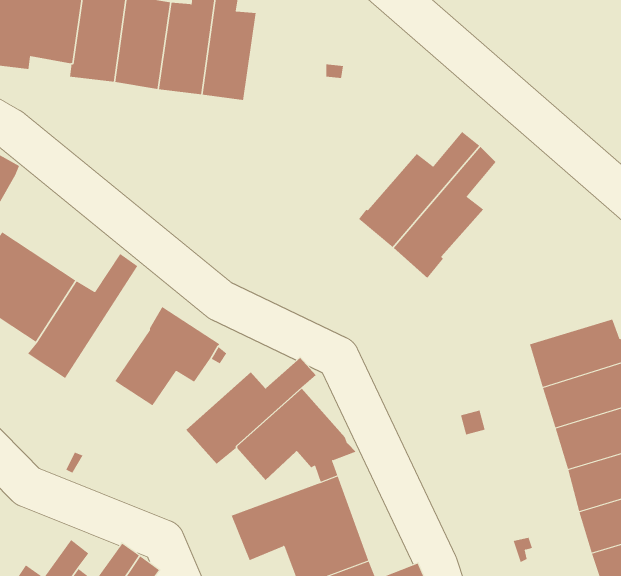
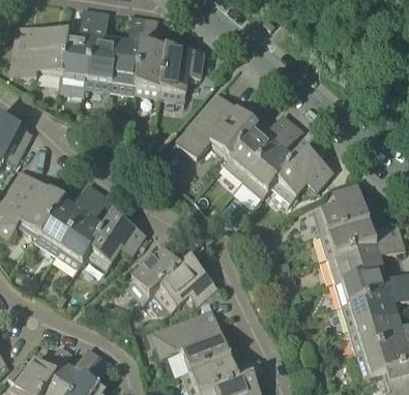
building: none -> [158,47,204,100]
building: none -> [176,93,257,159]
building: none -> [271,146,333,202]
building: none -> [314,184,369,235]
building: none -> [57,190,110,269]

